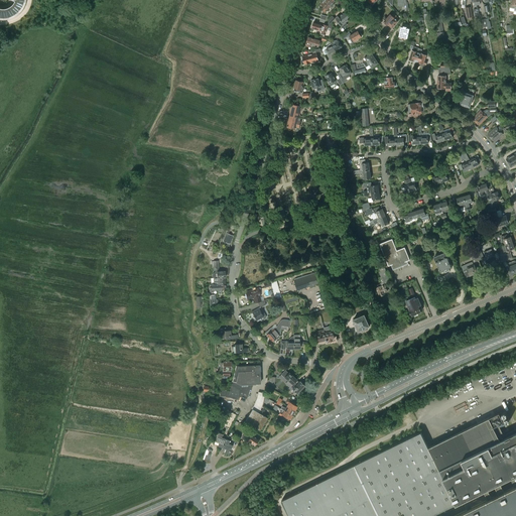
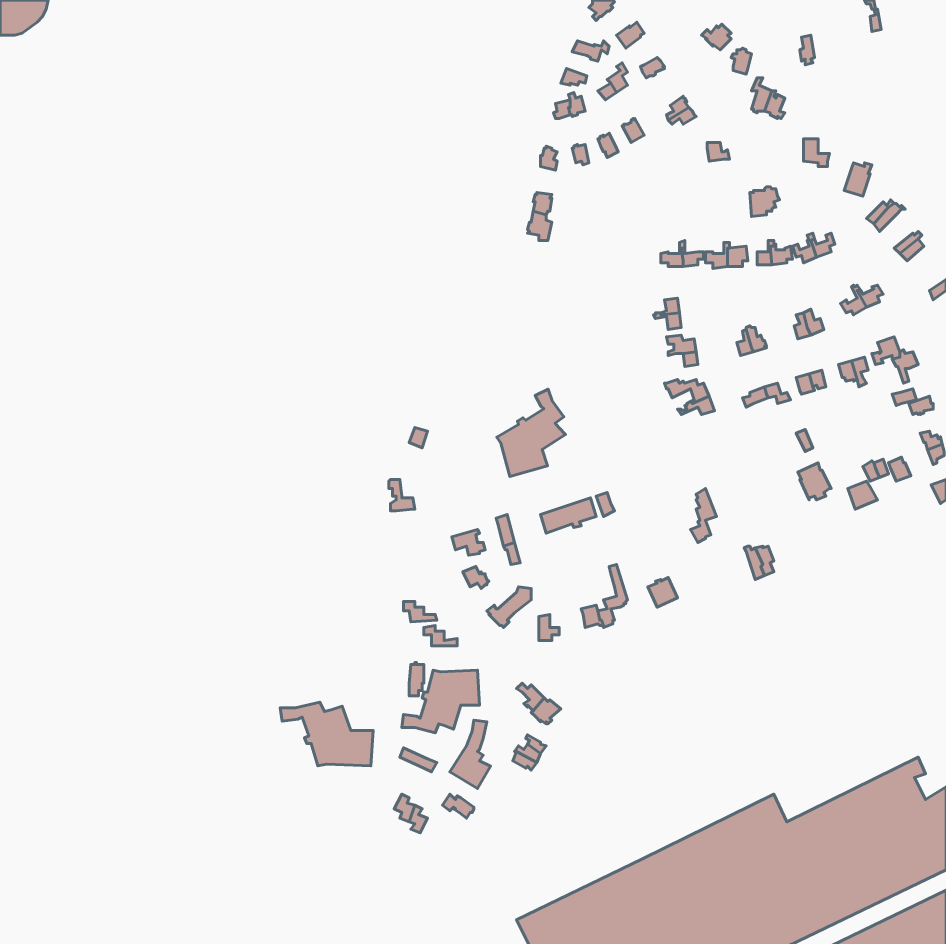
building: none -> [497,389,565,477]
building: [380,240,410,269] -> none
building: none -> [280,702,373,766]

